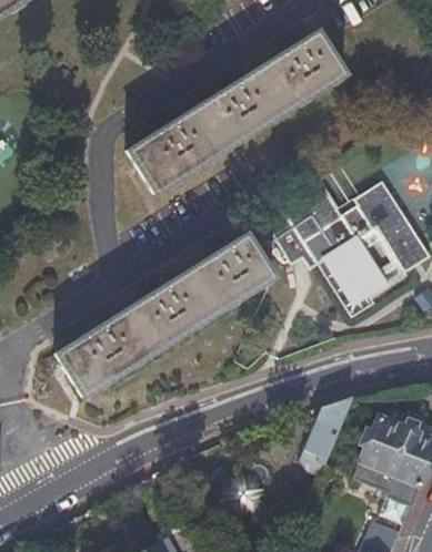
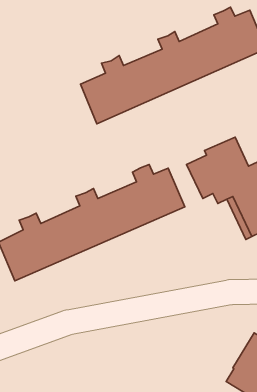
building: [298,397,352,473] -> none

